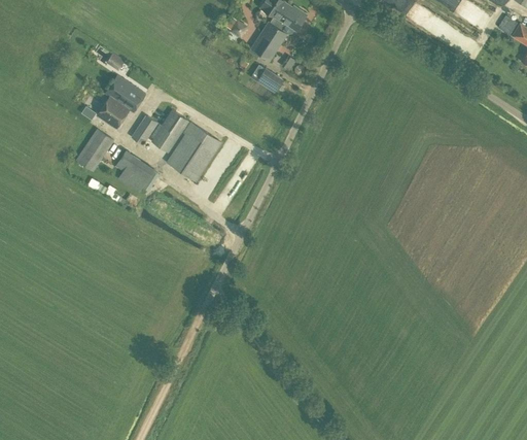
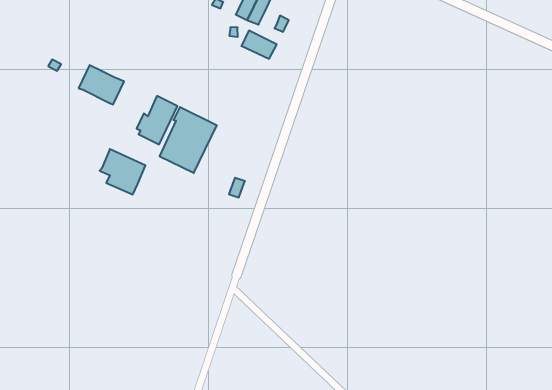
building: [96,96,130,130] -> none
building: [131,114,157,145] -> none
building: [76,129,113,171] -> none

